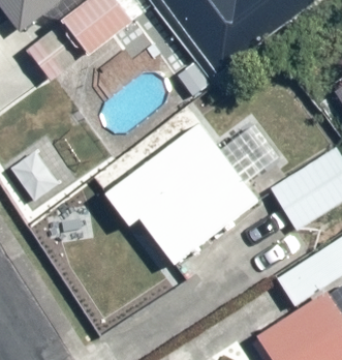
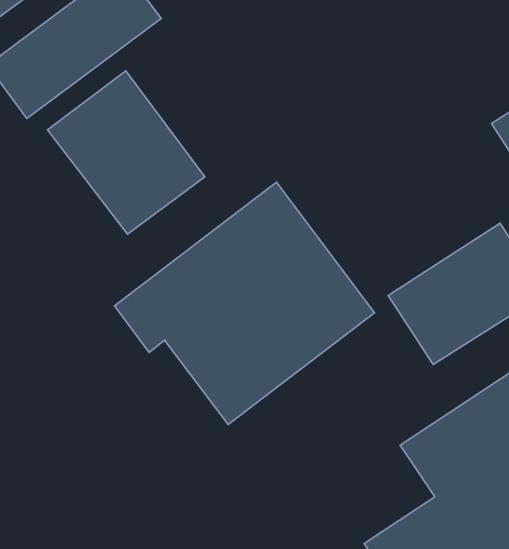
building: none -> [48,71,205,234]

